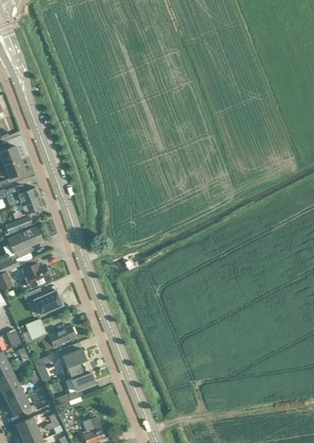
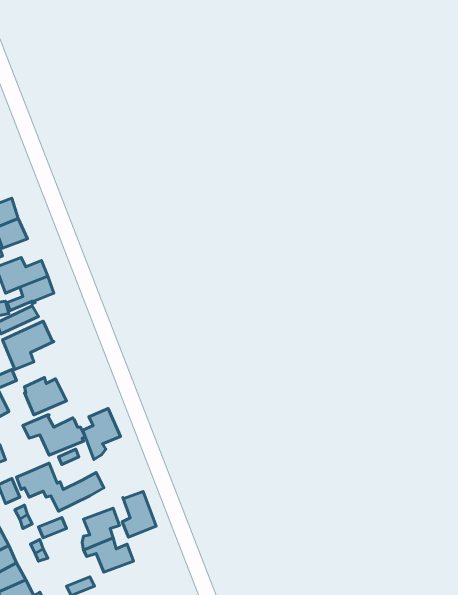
building: none -> [83,408,120,460]
building: none -> [122,491,156,537]

